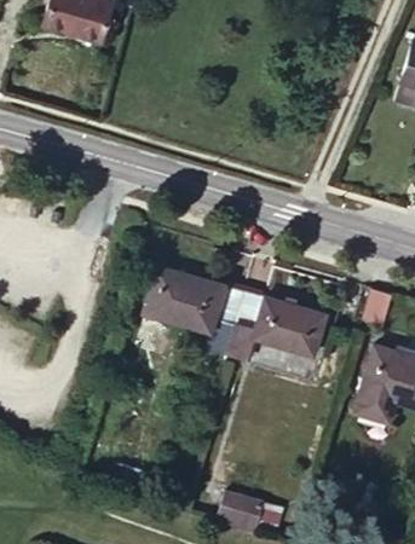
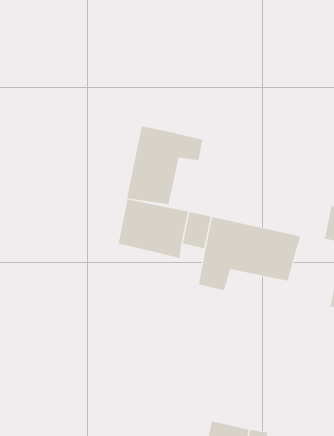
building: none -> [127,125,203,205]

